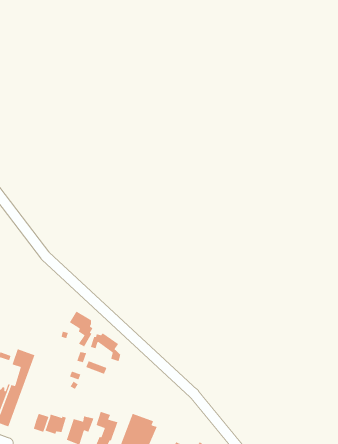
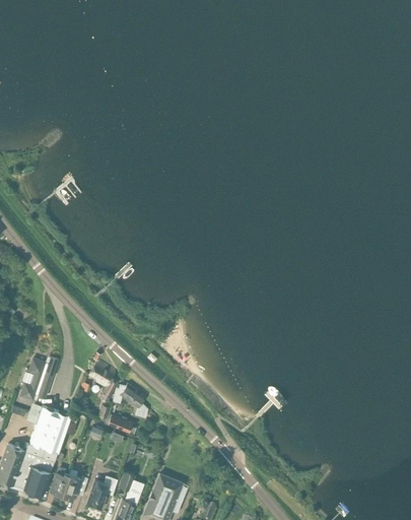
building: none -> [19,359,57,401]
building: none -> [22,410,70,497]

